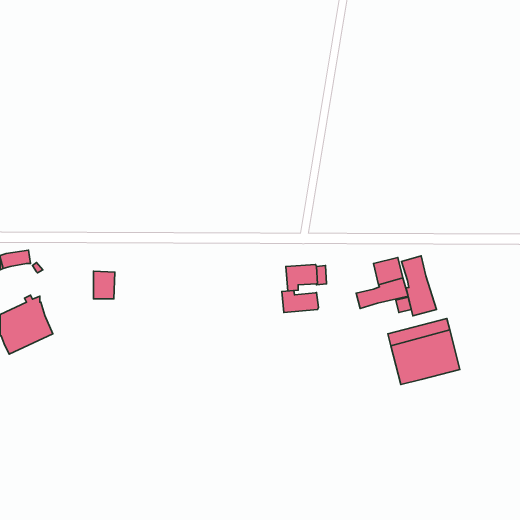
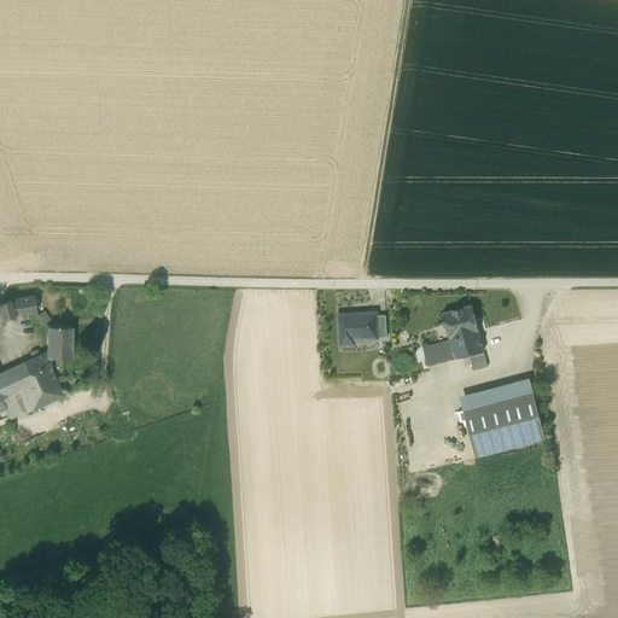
building: [402,256,437,316] -> none
building: [94,271,115,299] -> [47,326,72,358]
building: [282,291,318,313] -> none

